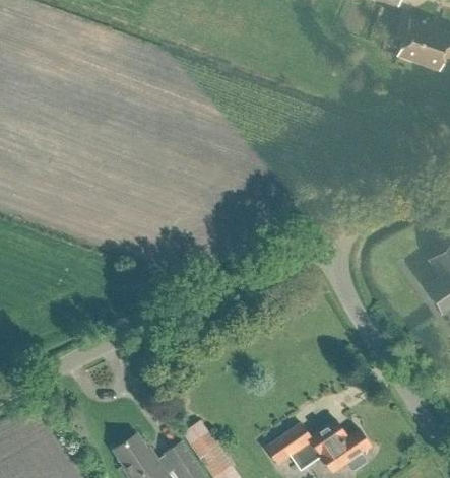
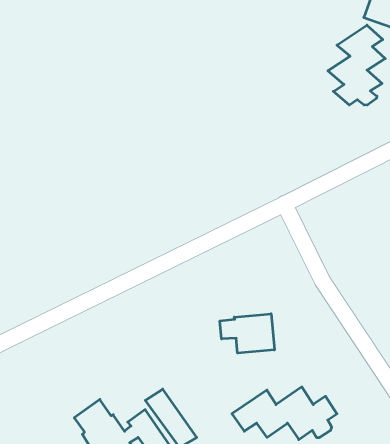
building: none -> [328,25,385,105]
building: none -> [220,314,274,353]

